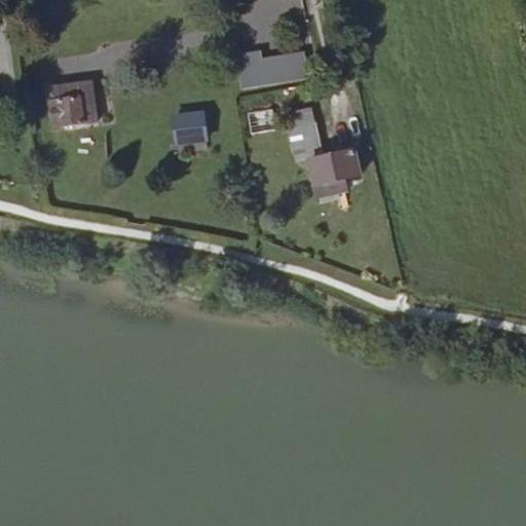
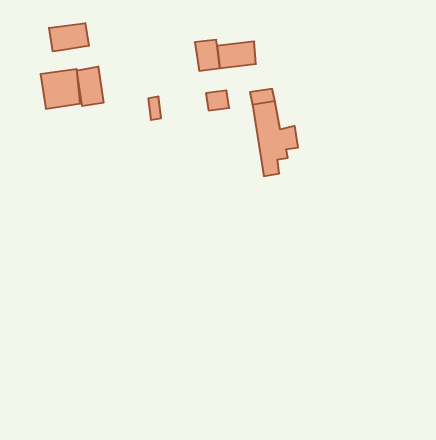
building: none -> [49,23,89,51]
building: none -> [77,66,104,106]

